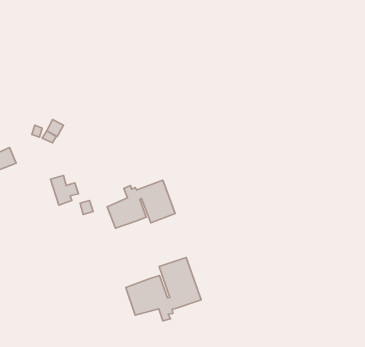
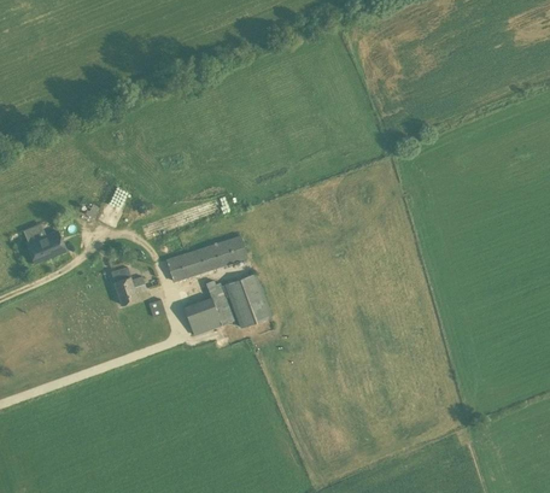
building: none -> [165,235,247,282]
building: [126,258,201,321] -> none

